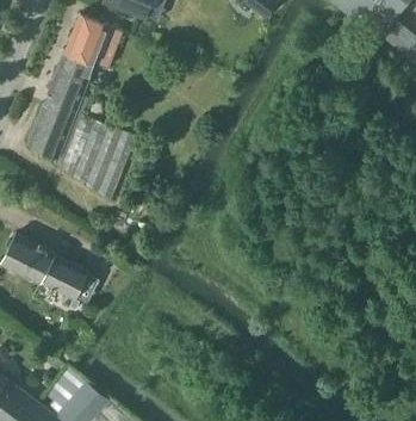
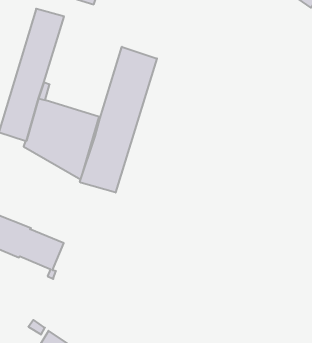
building: none -> [80,47,157,193]

